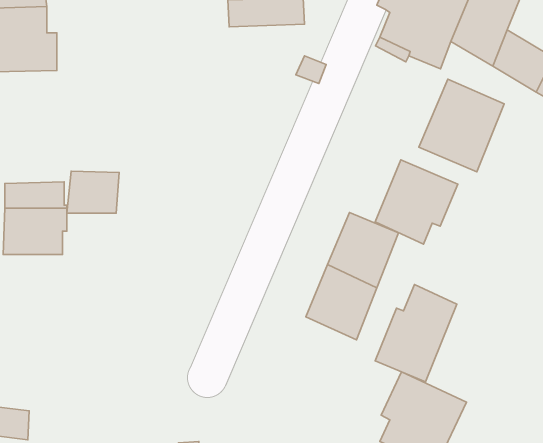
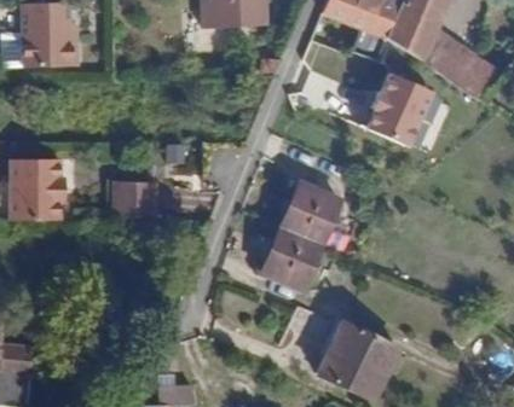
building: [375,160,458,244] -> none
building: [67,171,119,213] -> [117,181,161,216]
building: [375,285,457,382] -> none

